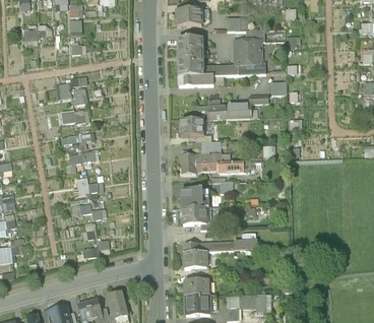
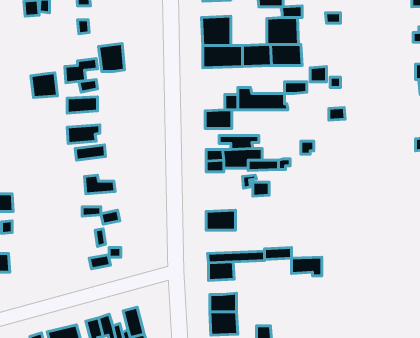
building: none -> [99,43,125,72]
building: none -> [31,73,58,97]
building: [182,192,212,208] -> none
building: [238,295,264,311] -> [291,257,322,276]

